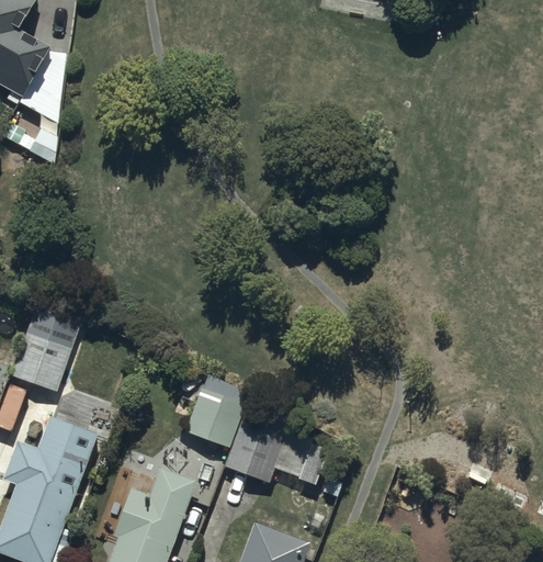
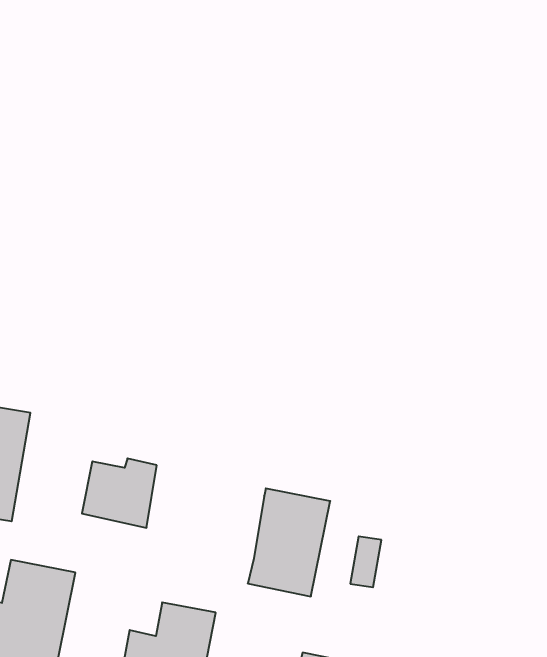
building: [185,393,247,449] -> [82,458,157,528]

